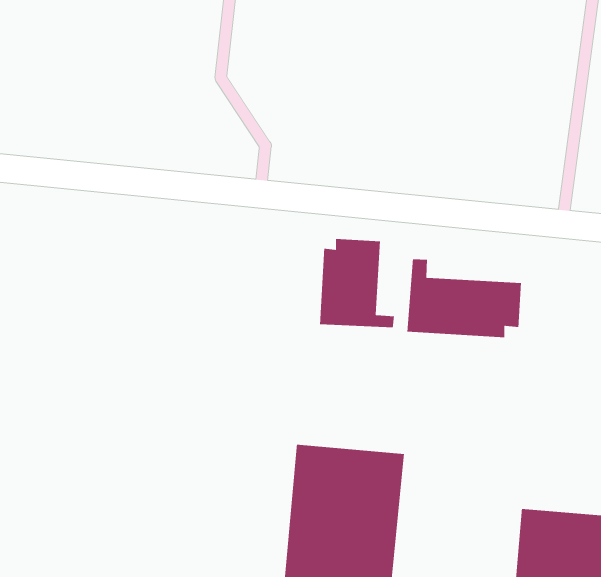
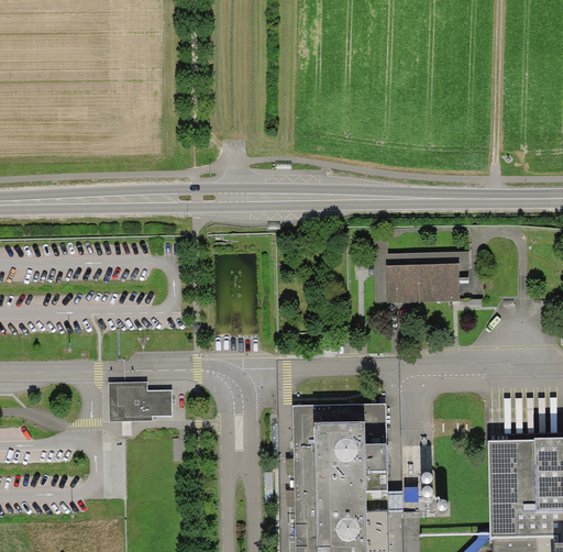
building: [319,238,395,328] -> none
building: none -> [111,382,173,421]

